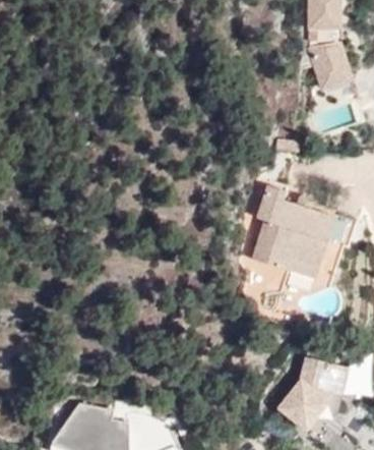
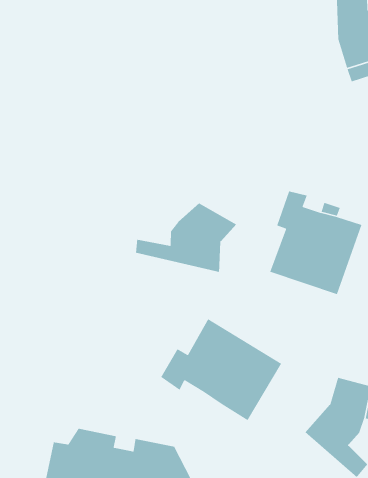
building: none -> [135,203,237,273]
building: none -> [160,318,282,421]

